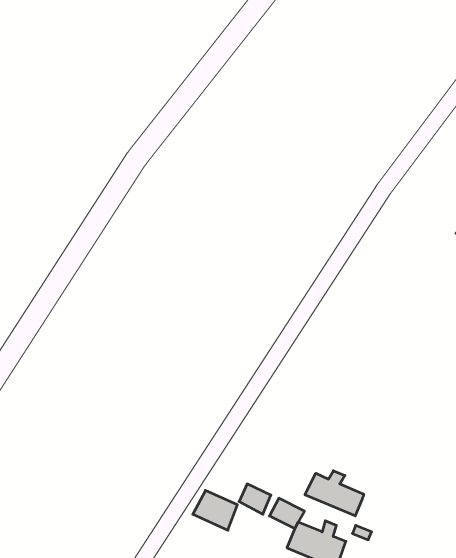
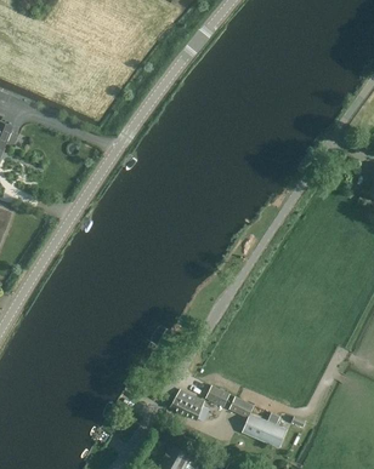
building: [305,471,364,516] -> none

